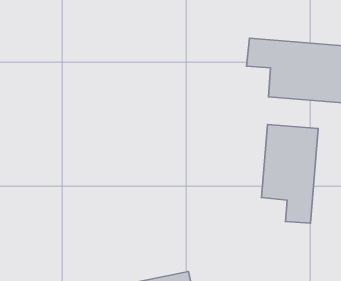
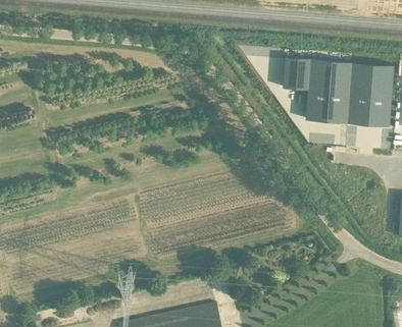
building: [261,125,318,223] -> none

